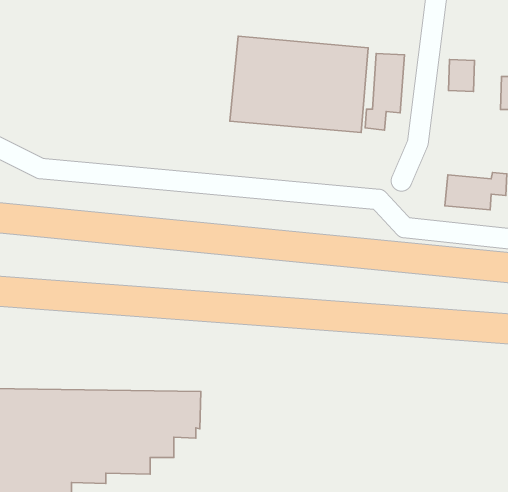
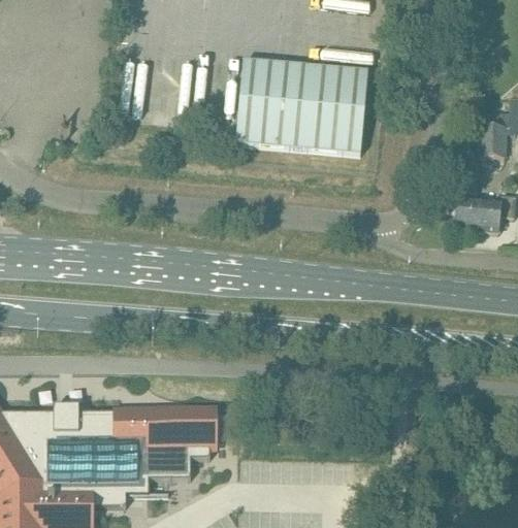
building: [365,54,405,130] -> none
building: [449,60,474,92] -> [476,124,501,156]

